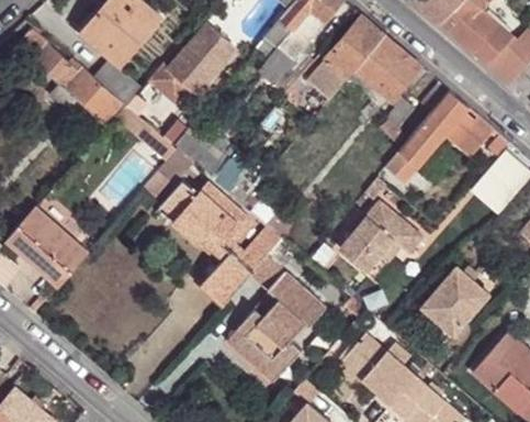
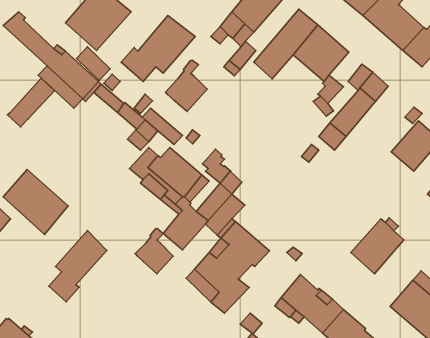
building: none -> [165,60,207,112]
building: none -> [7,78,54,127]
building: [446,108,494,157] -> none
building: [337,201,419,278] -> none
building: none -> [135,229,173,274]
building: none -> [49,231,107,302]

